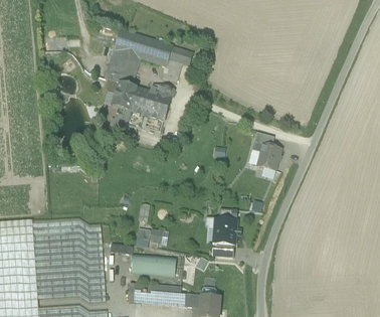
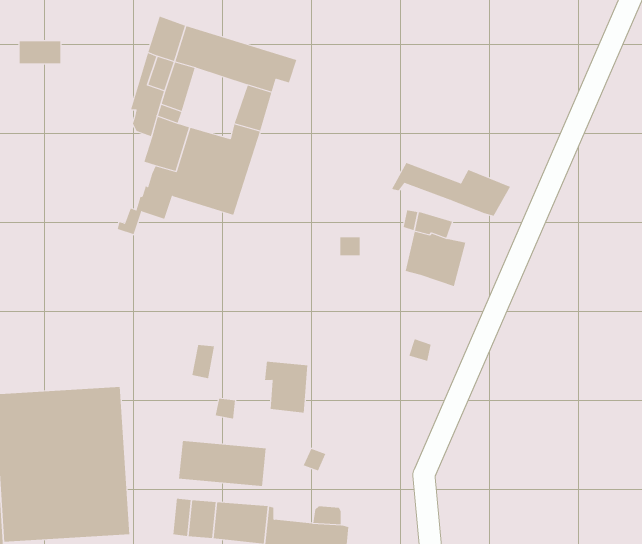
building: none -> [391,162,511,216]
building: [213,216,236,244] -> [264,361,308,413]

